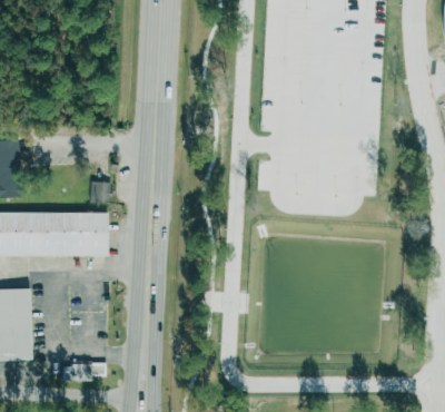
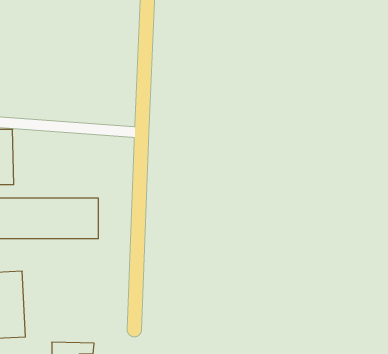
building: [87,182,108,204] -> none

